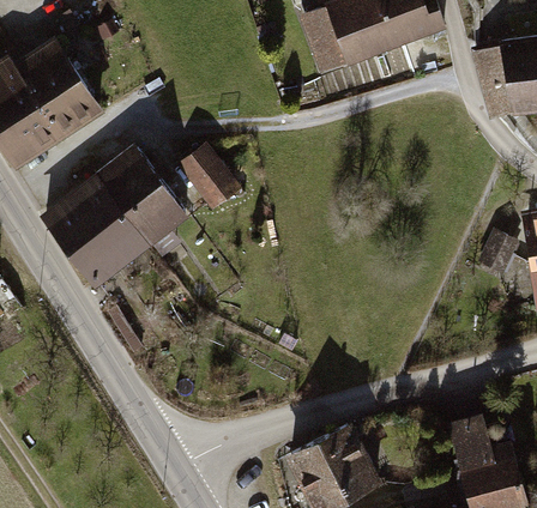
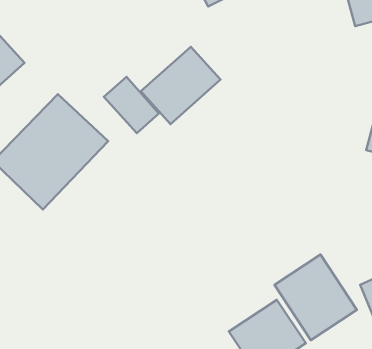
building: none -> [141,47,221,124]
building: none -> [275,254,357,340]

